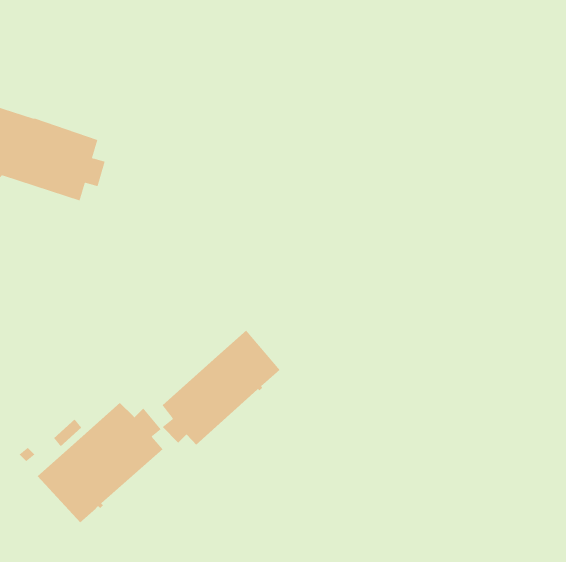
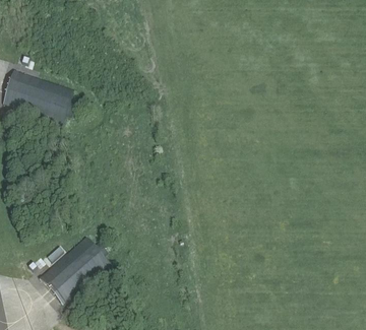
building: [162,330,280,445] -> none

